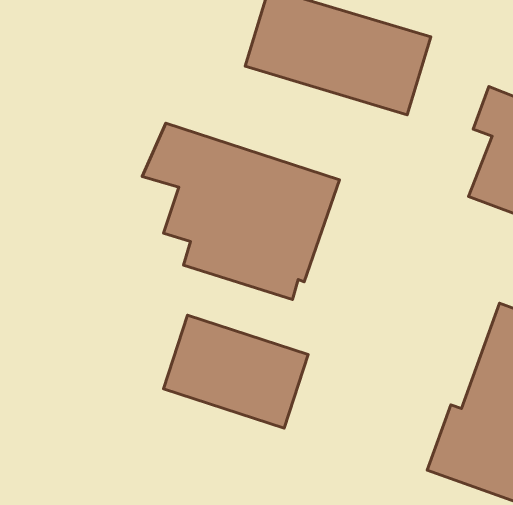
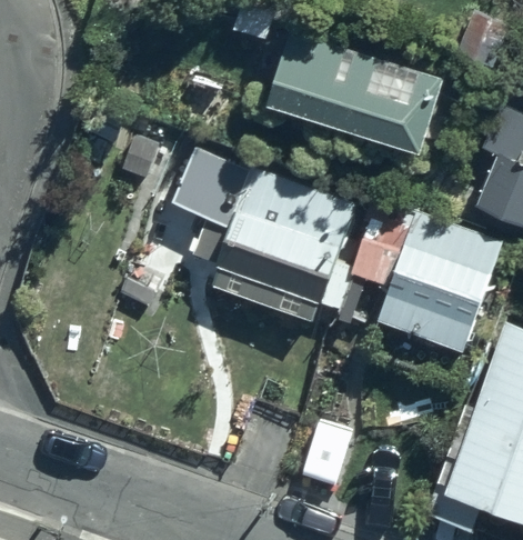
building: none -> [351,201,509,346]
building: [164,315,308,428] -> none

